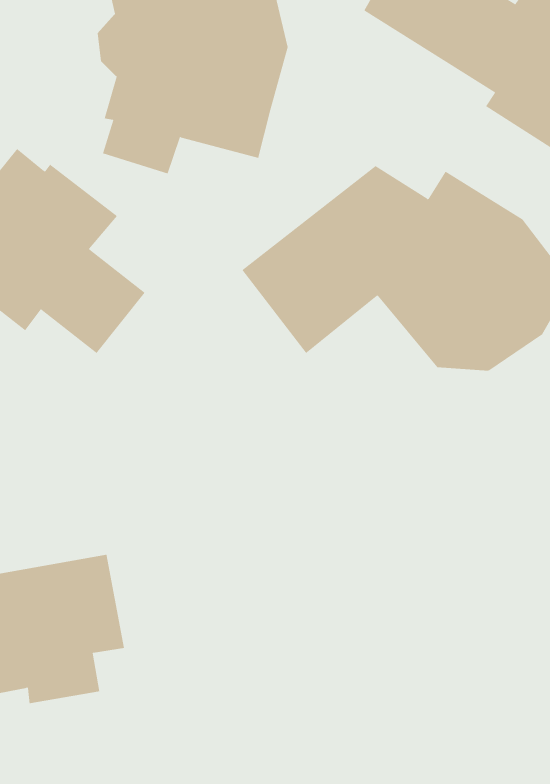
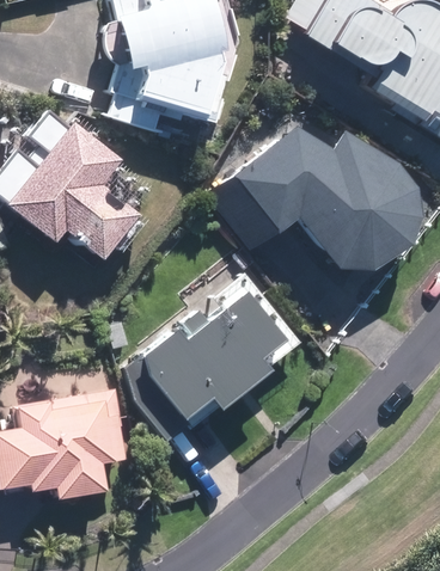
building: none -> [117,290,288,440]

